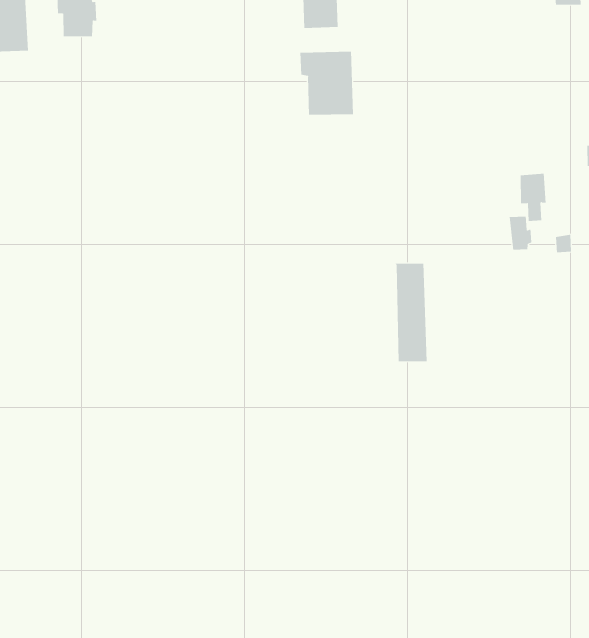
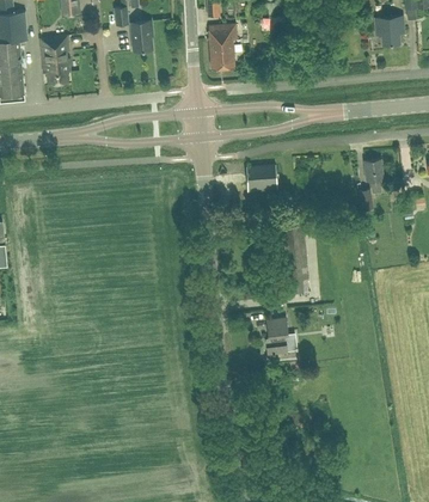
building: [300,51,354,115] -> none
building: none -> [245,166,277,192]
building: none -> [265,318,288,356]

